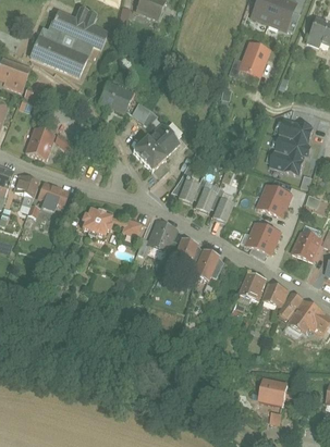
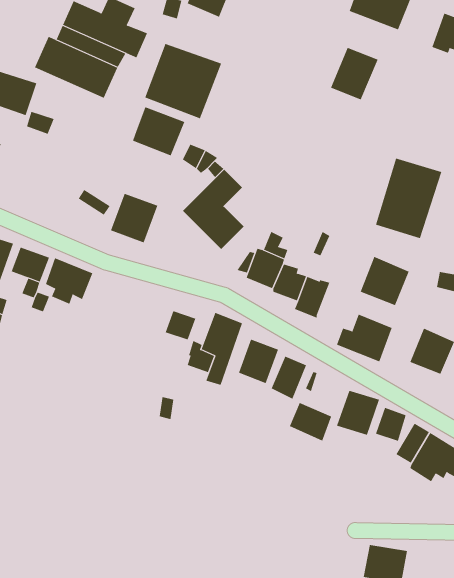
building: none -> [145,43,222,119]
building: [23,128,57,163] -> [110,193,158,243]
building: [81,211,114,243] -> none
building: none -> [289,402,332,442]

